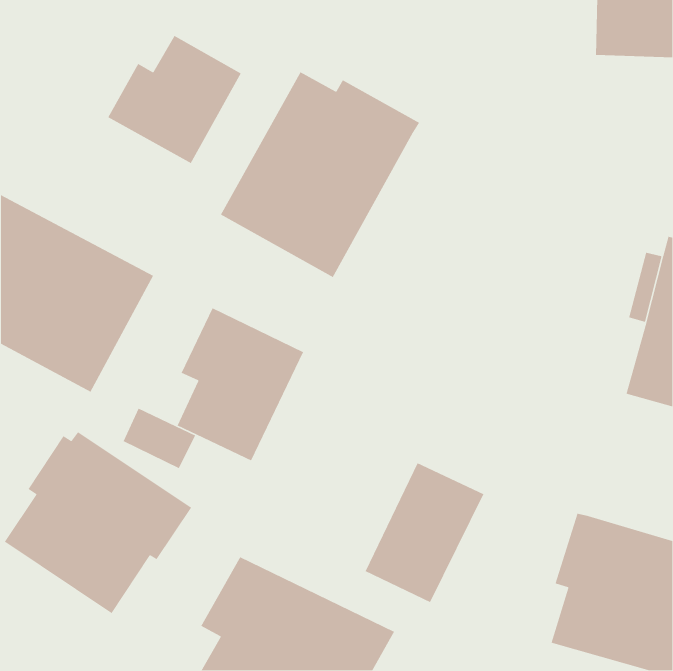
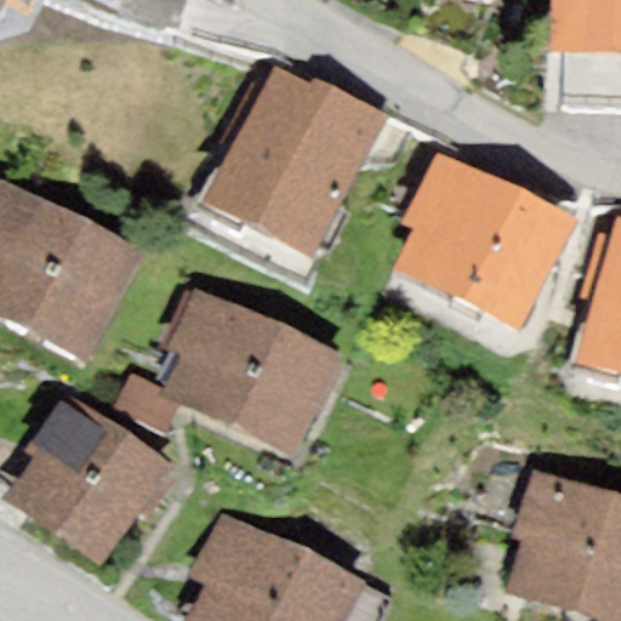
building: [107,35,242,164] -> none
building: none -> [392,150,574,329]
building: [365,462,484,603] -> [232,324,342,454]

